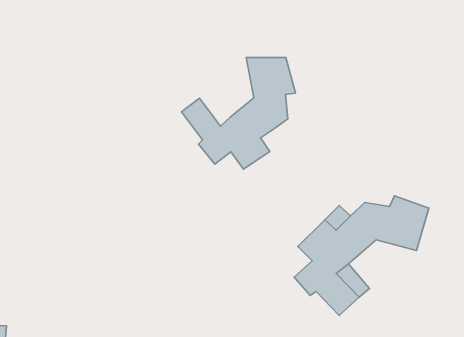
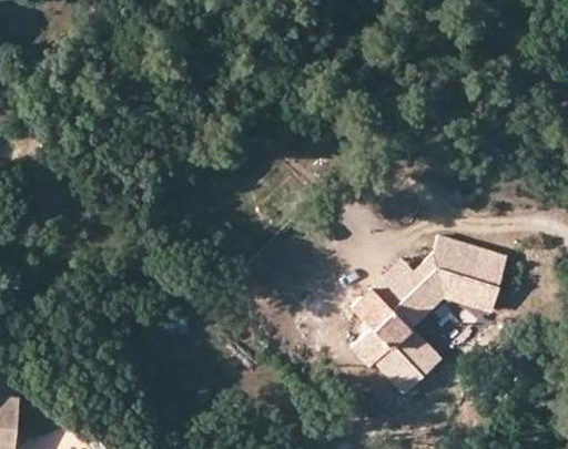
building: [181,58,296,169] -> none

